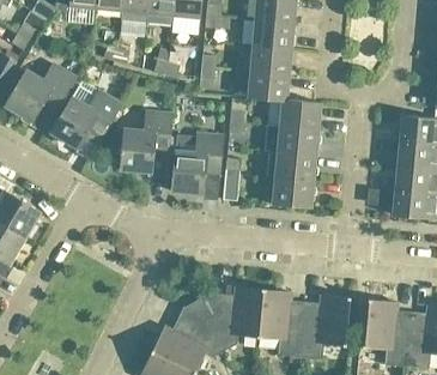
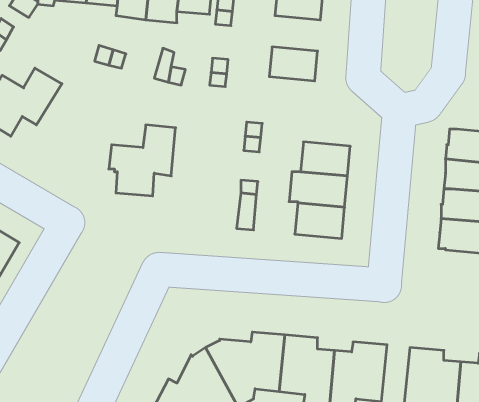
building: [253,19,293,49] -> none
building: [248,71,321,129] -> none
building: [51,81,121,147] -> none
building: [172,133,223,194] -> none

